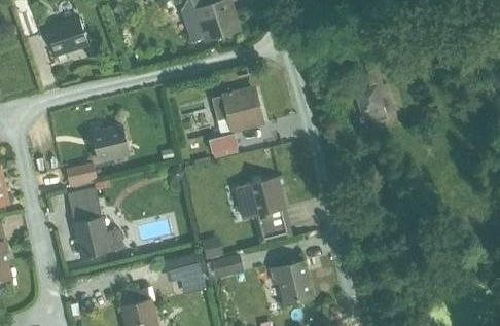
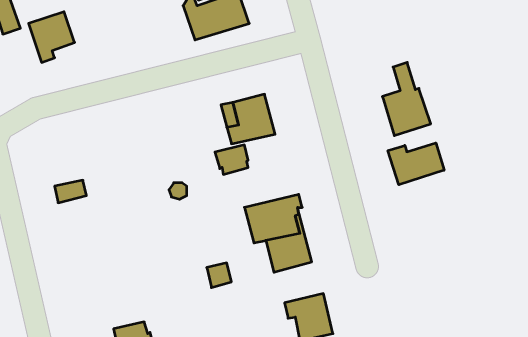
building: [90,123,129,160] -> none
building: none -> [388,143,444,185]
building: [67,187,123,257] -> none
building: [163,251,205,293] -> none
building: [210,253,243,278] -> none

